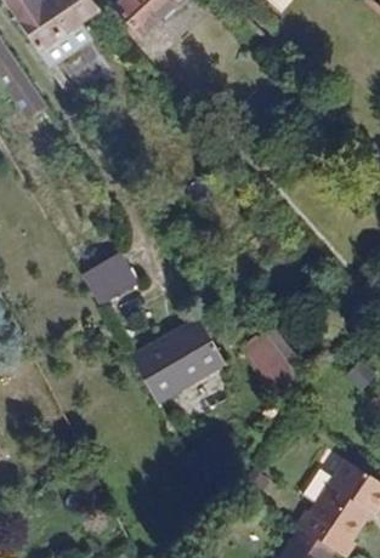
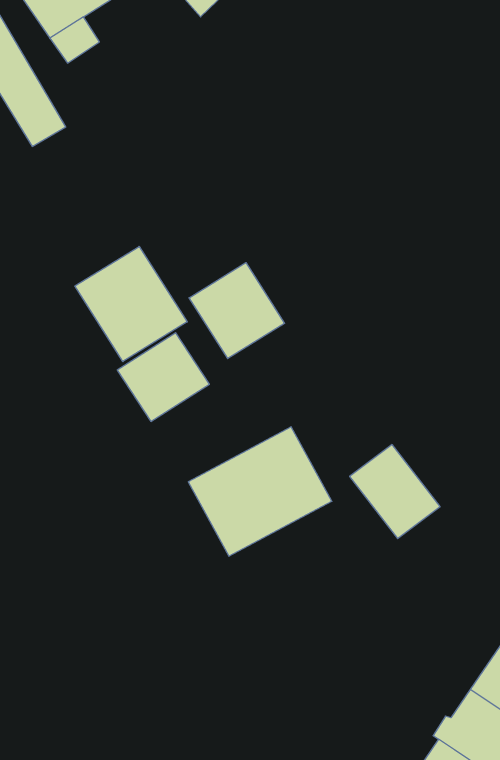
building: none -> [75,246,187,362]
building: none -> [189,263,285,359]

